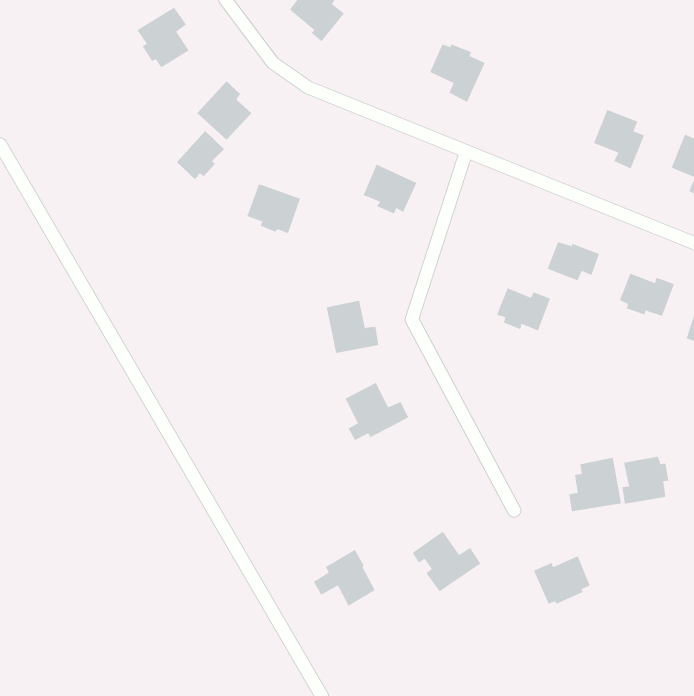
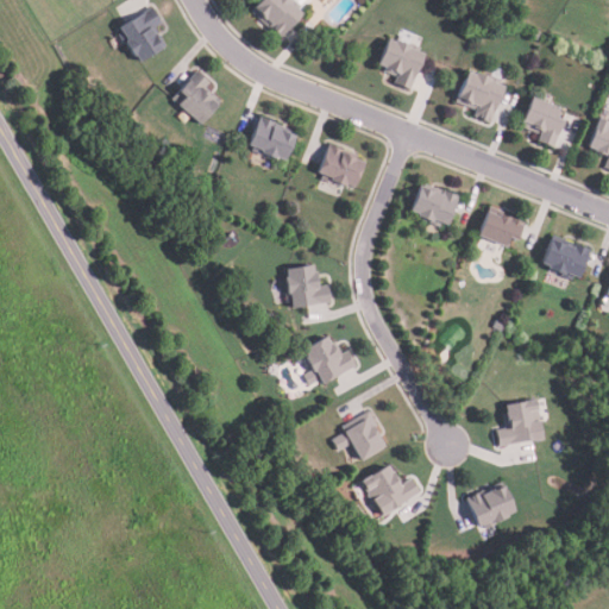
building: none -> [456,70,506,123]
building: [176,130,225,180] -> none
building: [246,183,301,234] -> [250,115,297,159]
building: [496,288,551,331] -> [413,186,460,224]
building: [622,456,669,505] -> none
building: [313,549,376,606] -> [333,410,388,460]

